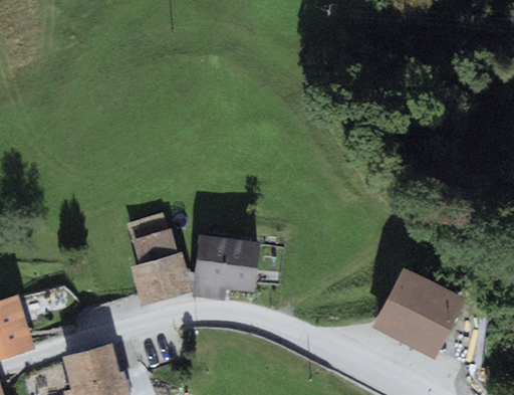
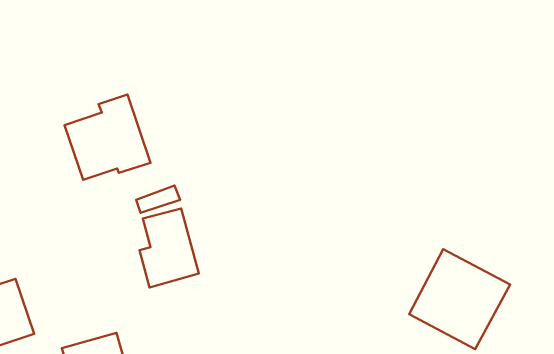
building: none -> [64,94,150,180]
building: [194,237,256,295] -> none

